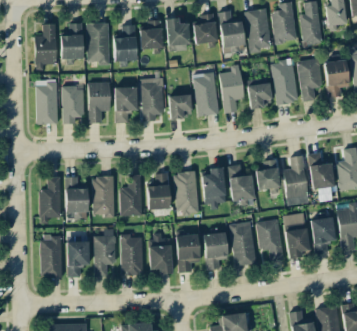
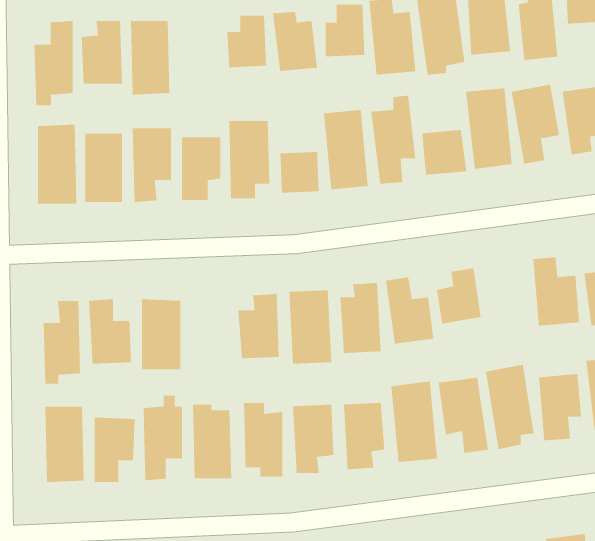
building: [114,25,136,61] -> none
building: [282,155,310,206] -> none
building: [119,175,142,216] -> none

